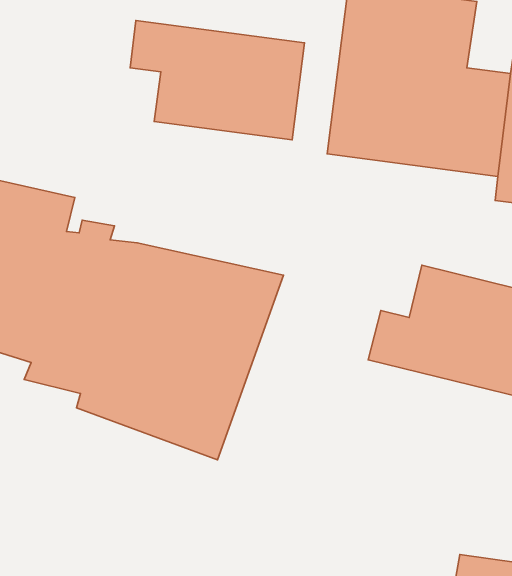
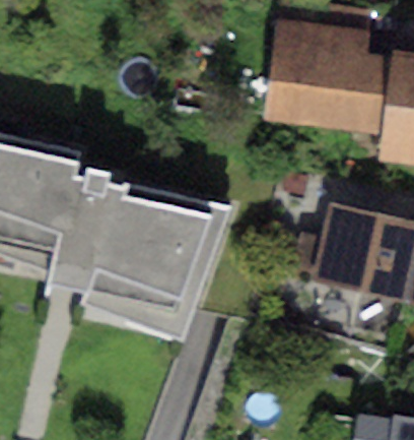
building: [130,21,305,140] -> none

